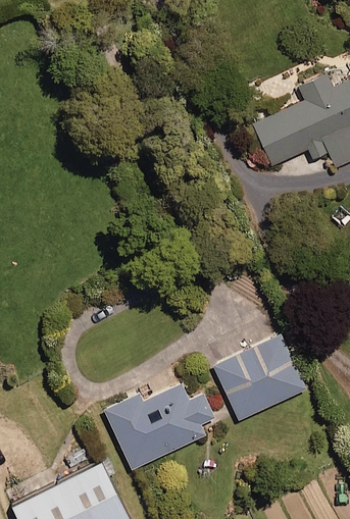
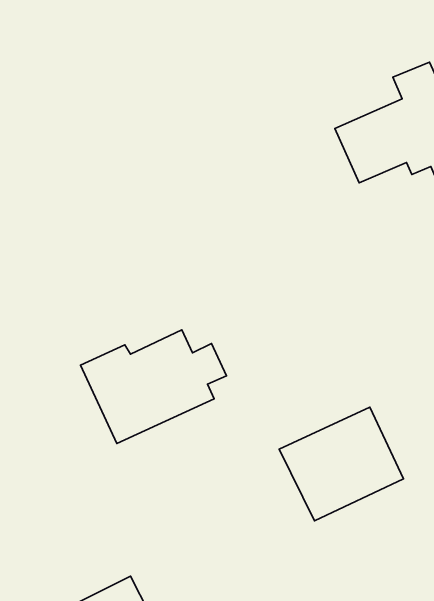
building: [104,383,214,469] -> [80,330,226,444]

